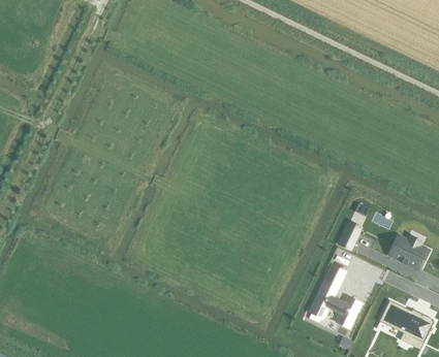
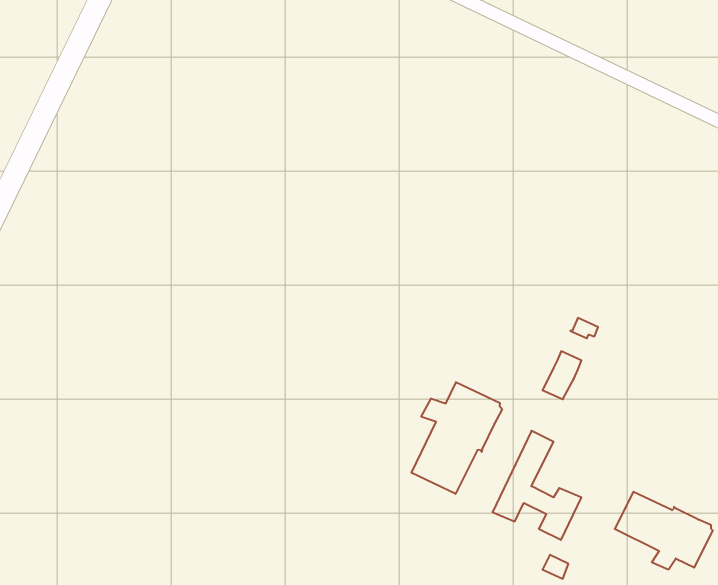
building: [388,236,427,269] -> none
building: none -> [412,382,502,494]

